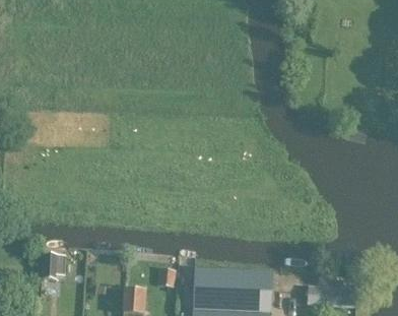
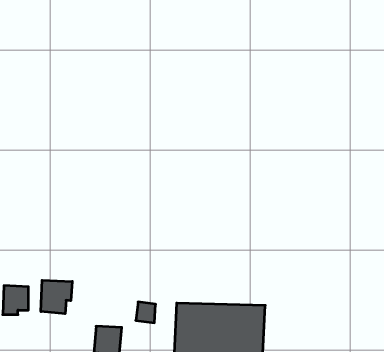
building: none -> [41,280,72,314]

